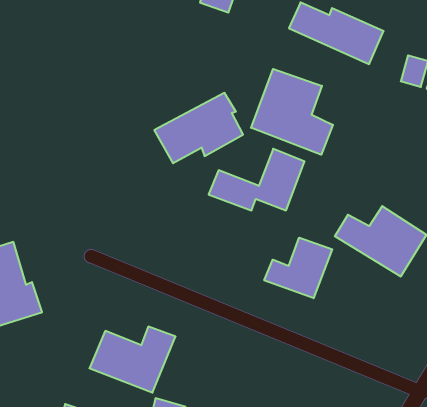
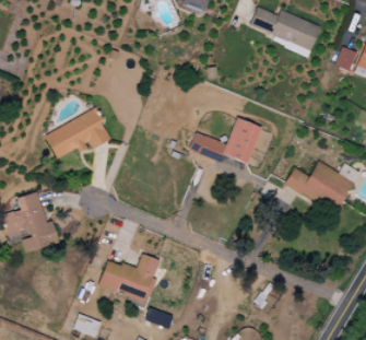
building: [251,69,333,155] -> none
building: [154,93,243,163] -> [43,106,110,160]
building: [264,238,332,298] -> none

